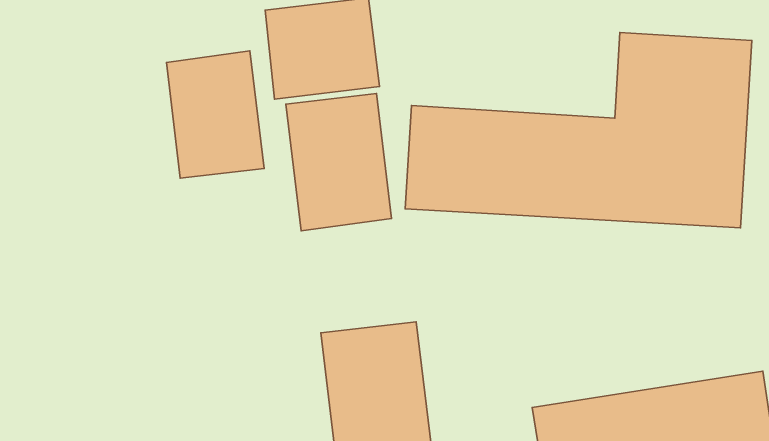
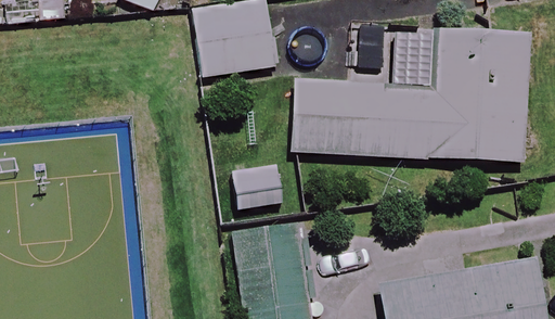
building: [166,51,264,178] -> none
building: [286,93,391,231] -> none

